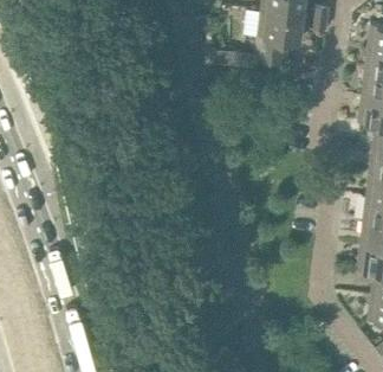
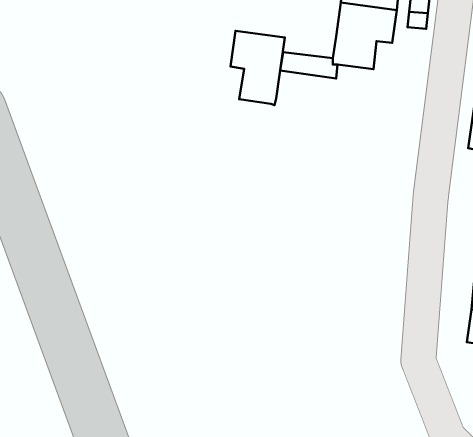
building: none -> [231,31,285,105]

